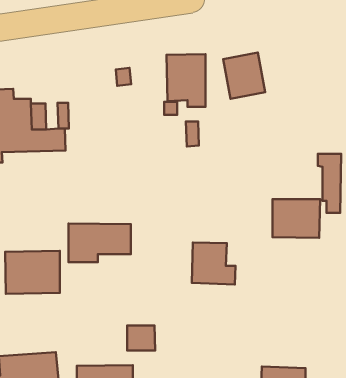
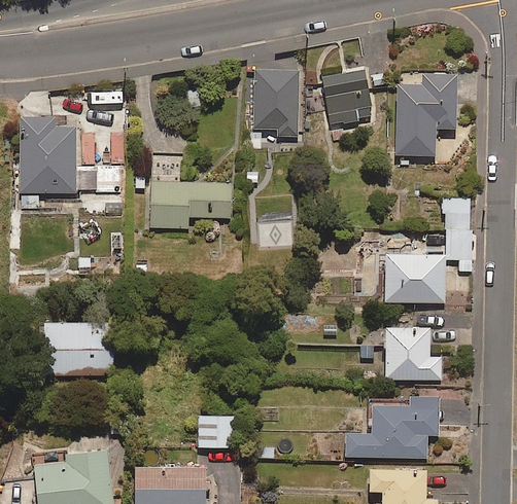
building: none -> [395,73,457,154]
building: [69,223,131,262] -> [150,181,230,230]
building: [192,242,236,285] -> [385,327,441,381]
building: none -> [344,397,439,458]

